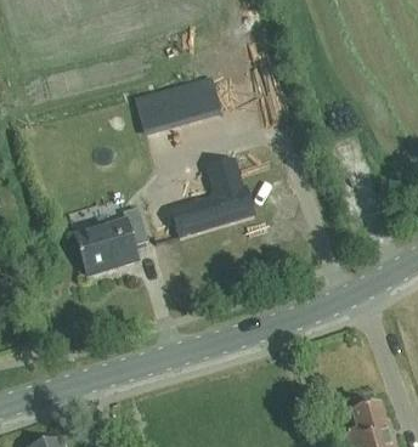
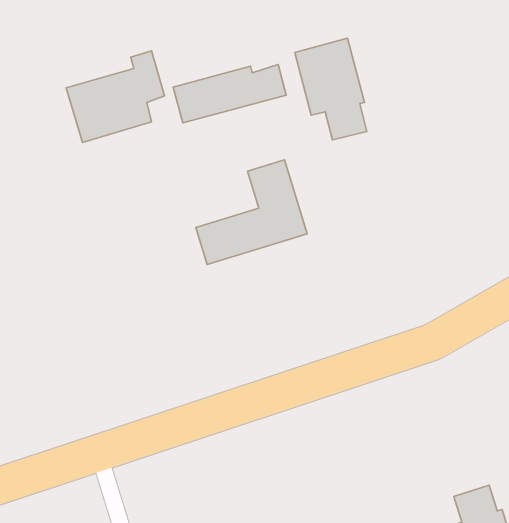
building: none -> [295,38,367,140]
building: [74,206,148,276] -> [66,51,165,143]

